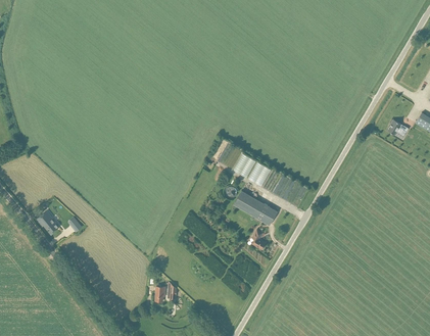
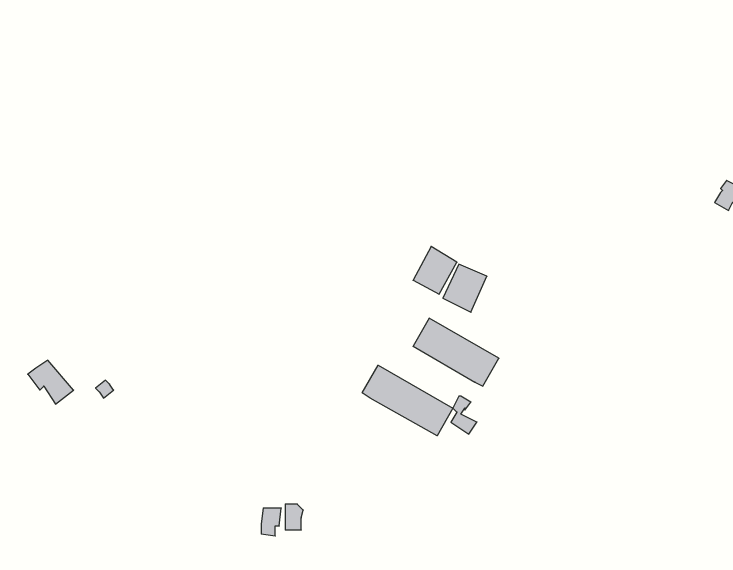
building: none -> [362,365,453,436]

